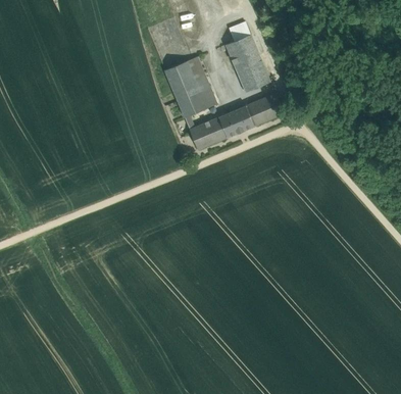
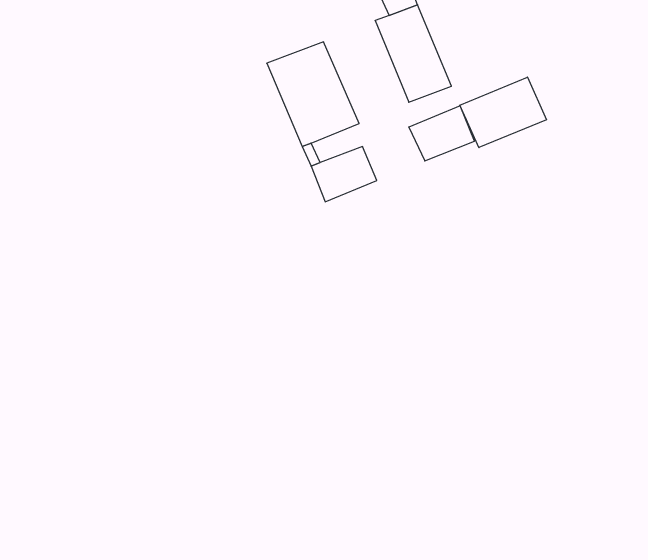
building: none -> [460,77,546,148]
building: [218,106,254,137] -> none

